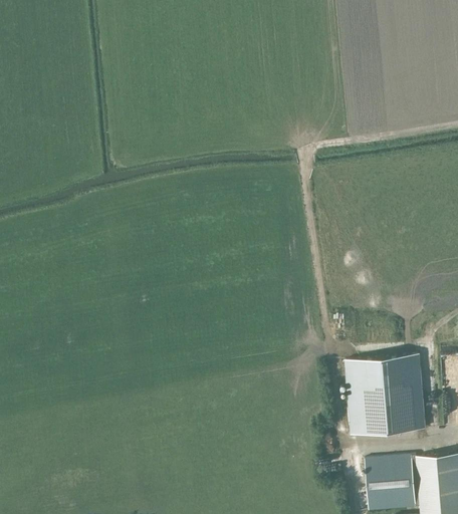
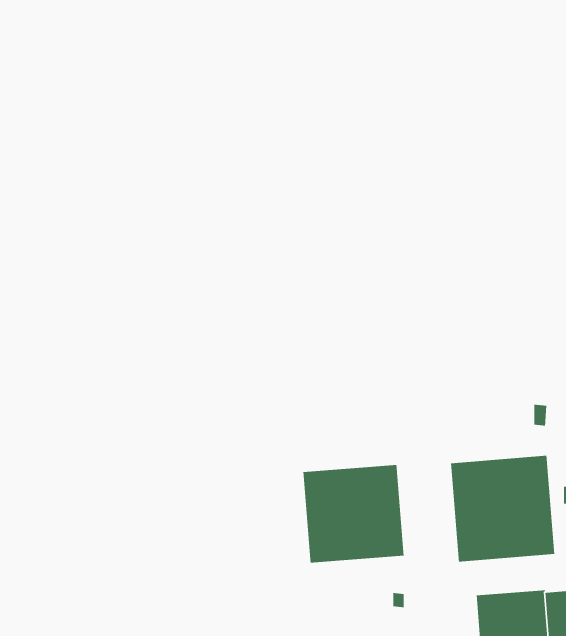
building: none -> [302,464,405,564]

